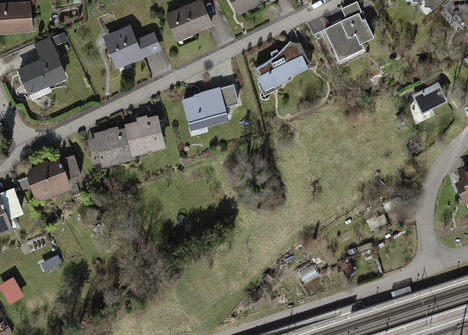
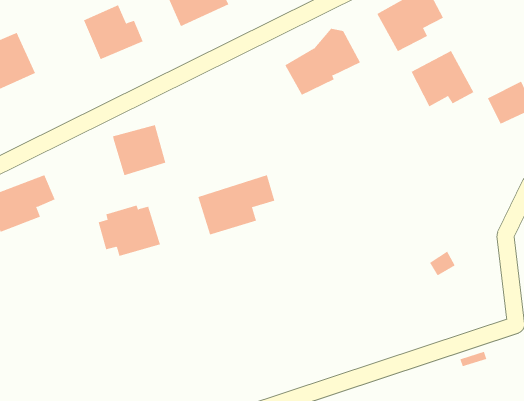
building: none -> [411,50,474,107]
building: [183,82,242,128] -> [198,175,275,235]
building: [87,127,135,166] -> [98,205,161,256]

